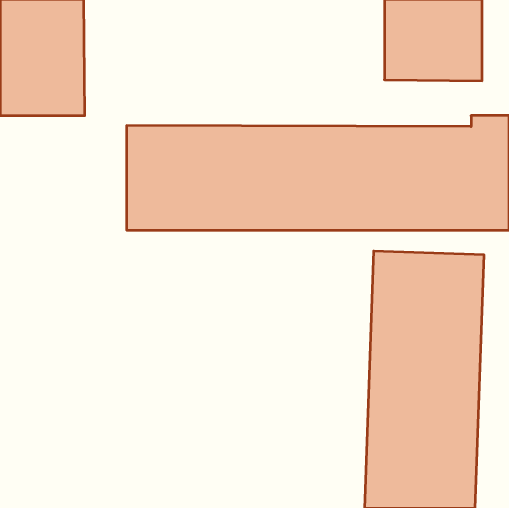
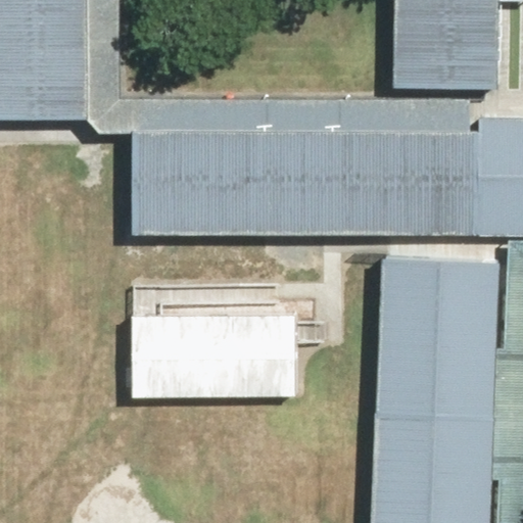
building: none -> [136,299,299,381]

